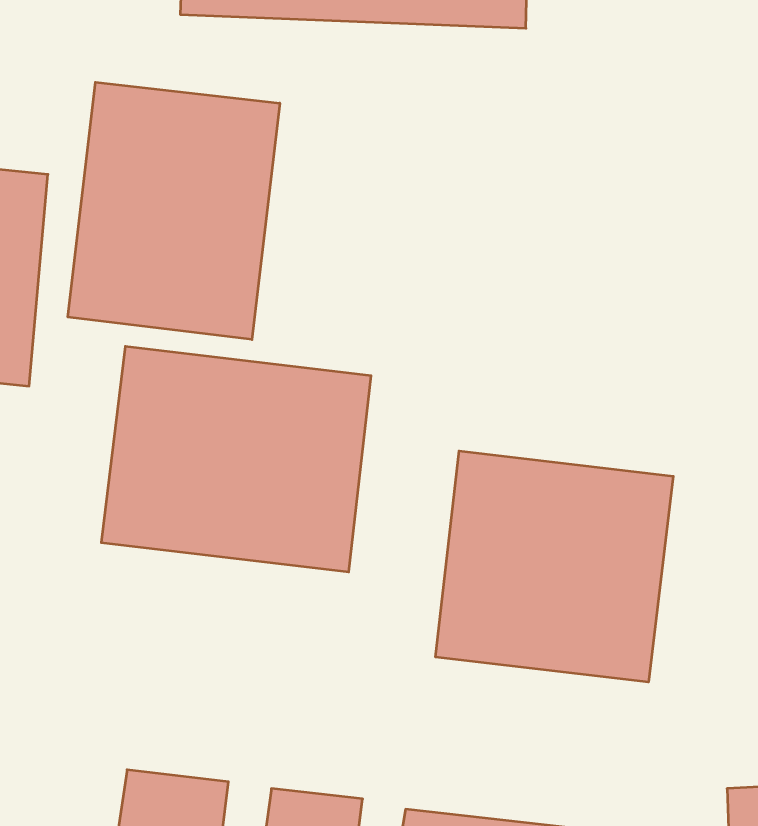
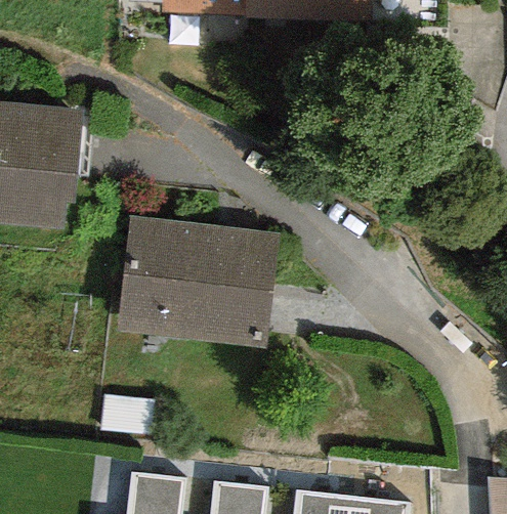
building: [68,82,280,340] -> none
building: [436,451,673,682] -> none

